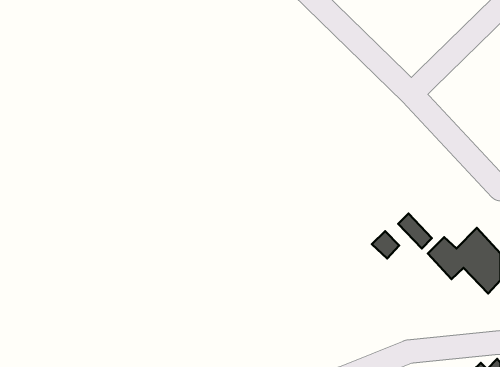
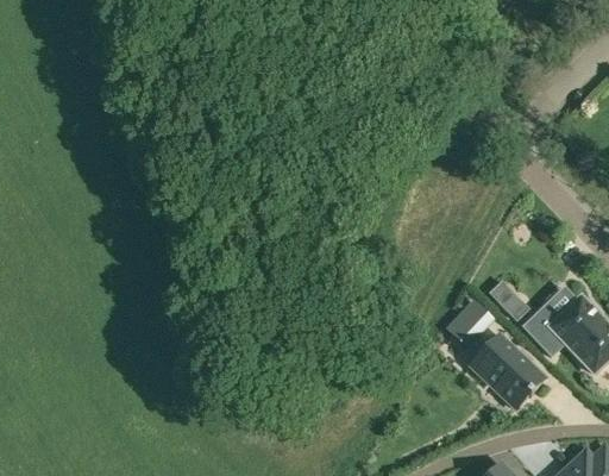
building: none -> [467,332,542,406]

